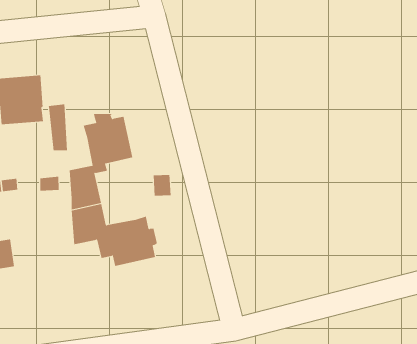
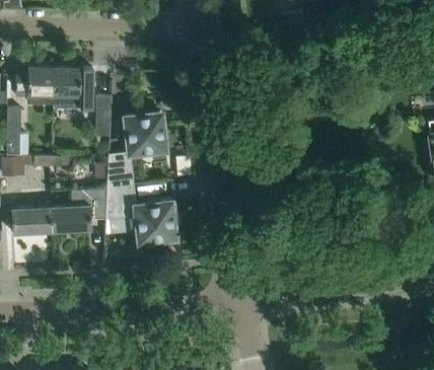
building: none -> [52,189,106,232]

